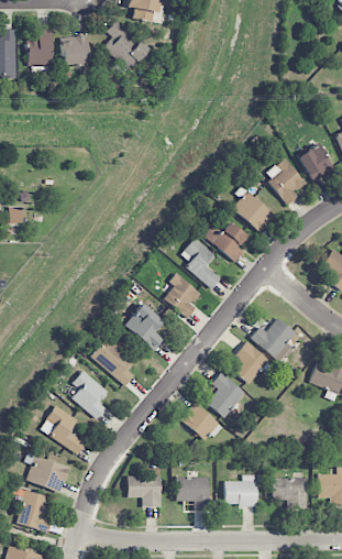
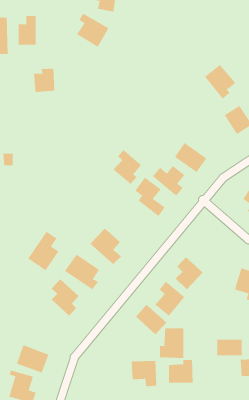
building: [62,35,90,67] -> [33,68,55,93]
building: [264,158,306,205] -> [204,64,236,100]
building: [163,273,200,319] -> [113,149,142,185]
building: none -> [28,231,59,271]
building: [251,318,297,363] -> none
building: [40,406,86,454] -> none
building: none -> [160,327,184,359]
building: [126,469,162,507] -> none
building: [273,479,307,501] -> [216,339,243,356]

